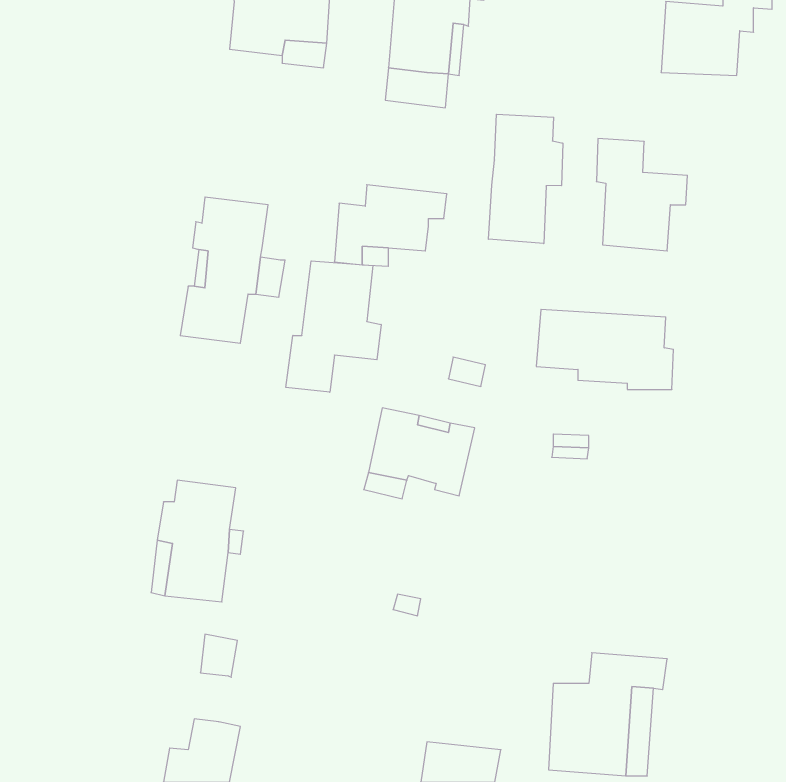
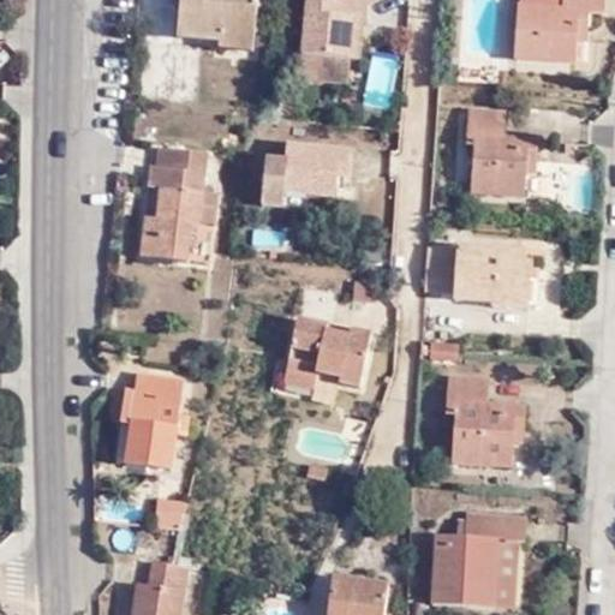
building: [488,114,563,244] -> none
building: [286,261,381,392] -> none
building: none -> [440,372,519,461]

